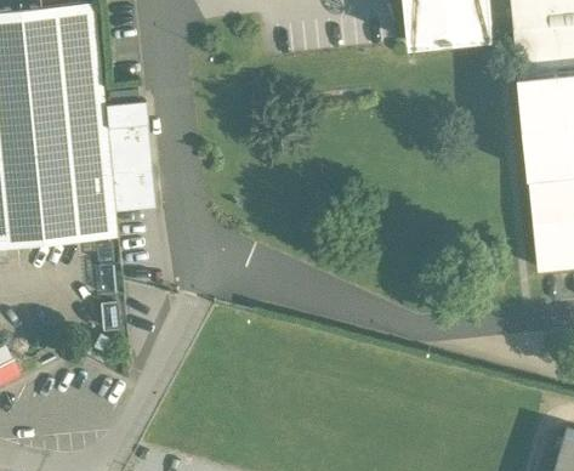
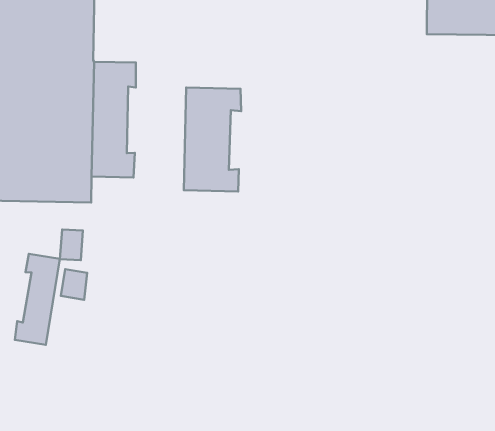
building: none -> [184,88,241,191]
building: none -> [15,254,60,345]

